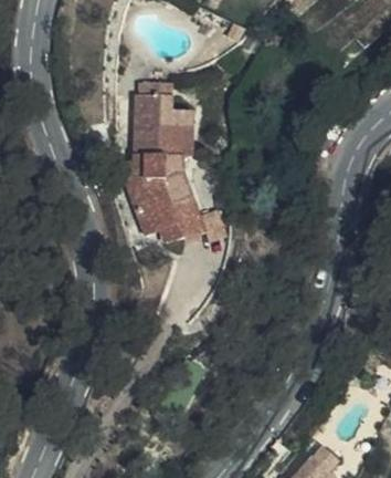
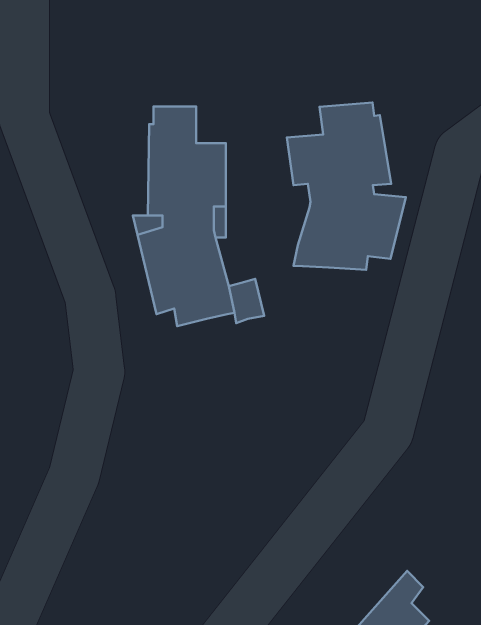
building: none -> [287,102,406,270]

